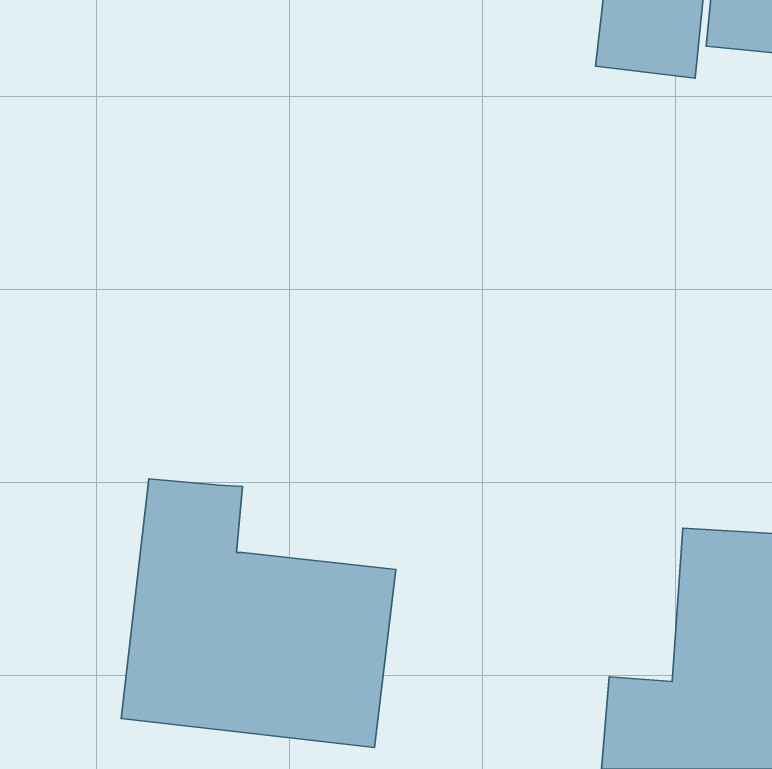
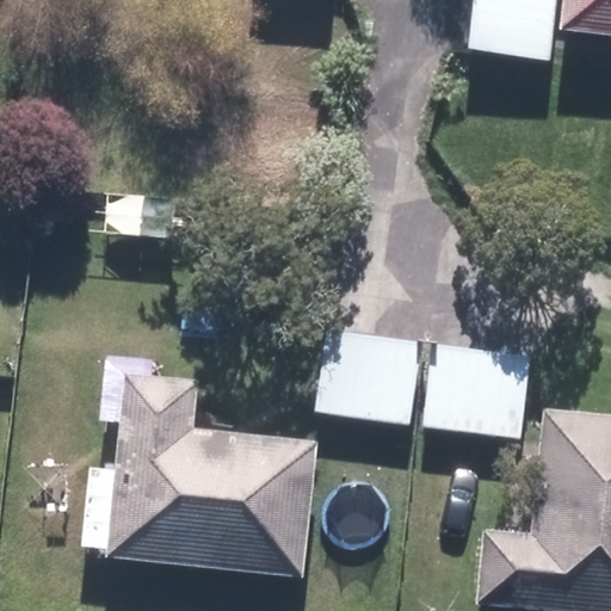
building: none -> [317,326,422,421]
building: none -> [422,340,531,436]

